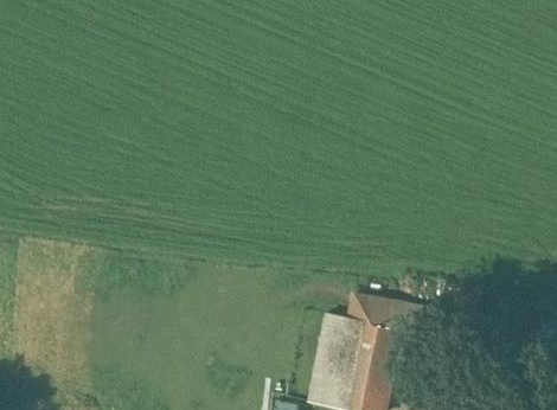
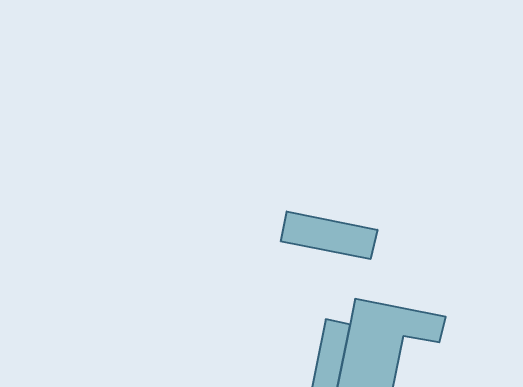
building: none -> [281,211,377,259]

